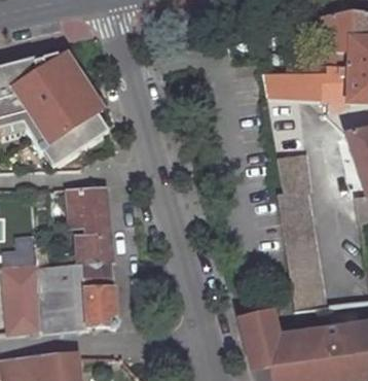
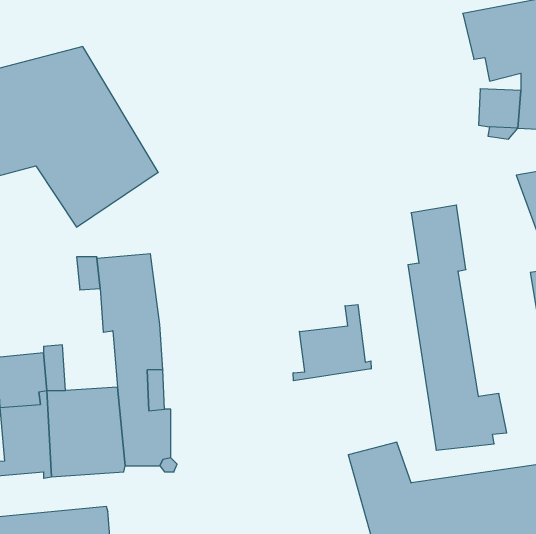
building: [264,73,322,100] -> none
building: none -> [293,305,371,381]

